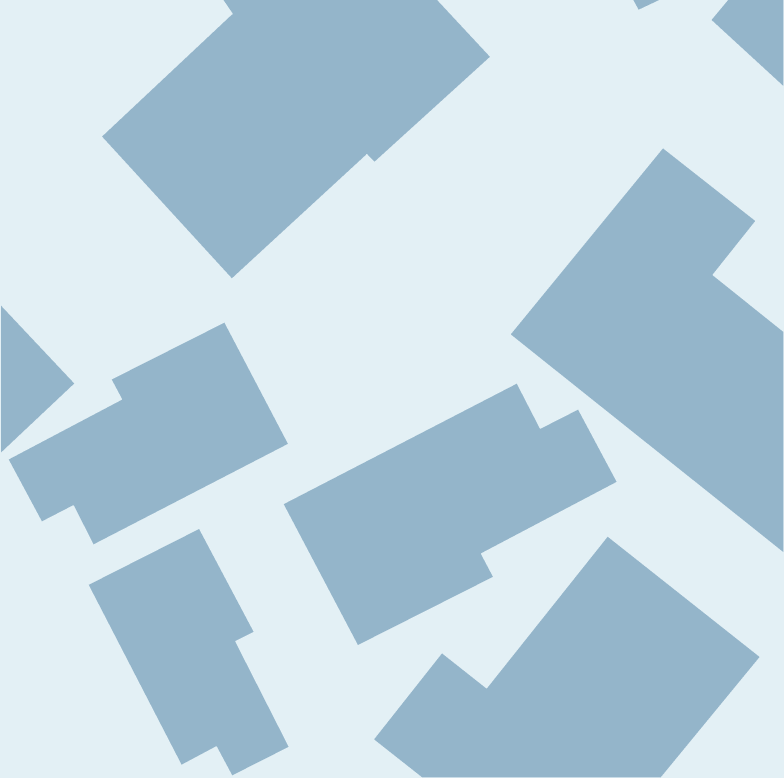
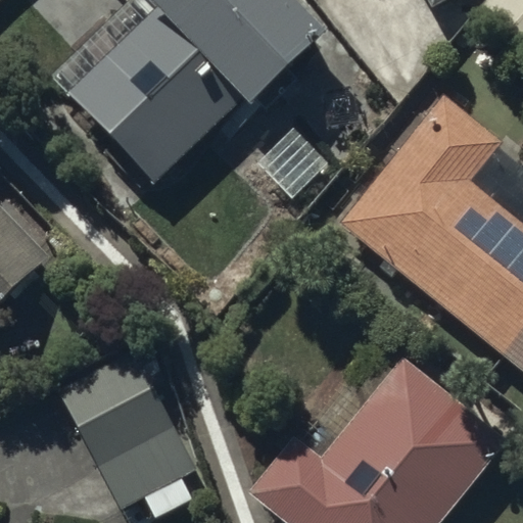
building: [8,321,289,545] -> none
building: [283,383,618,646] -> none

